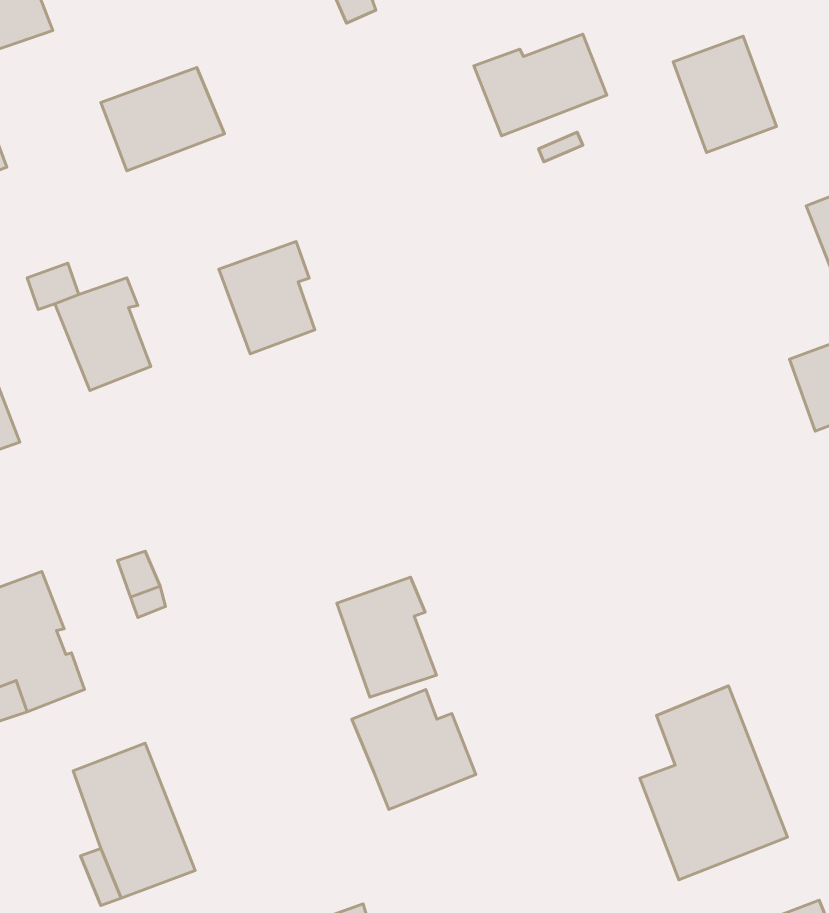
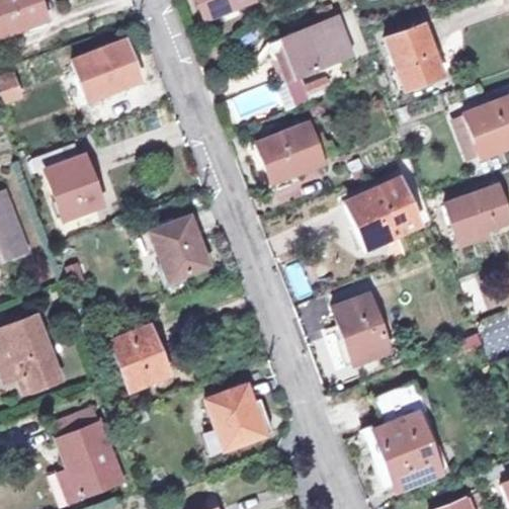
building: none -> [259,122,325,180]
building: [219,241,315,354] -> [149,217,201,278]
building: none -> [348,180,417,246]
building: none -> [331,291,389,361]
building: [337,577,436,697] -> [114,326,169,392]

